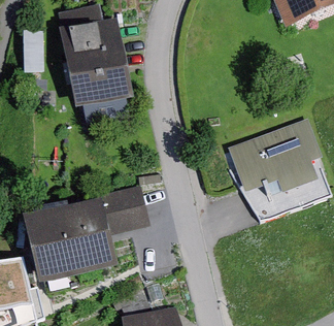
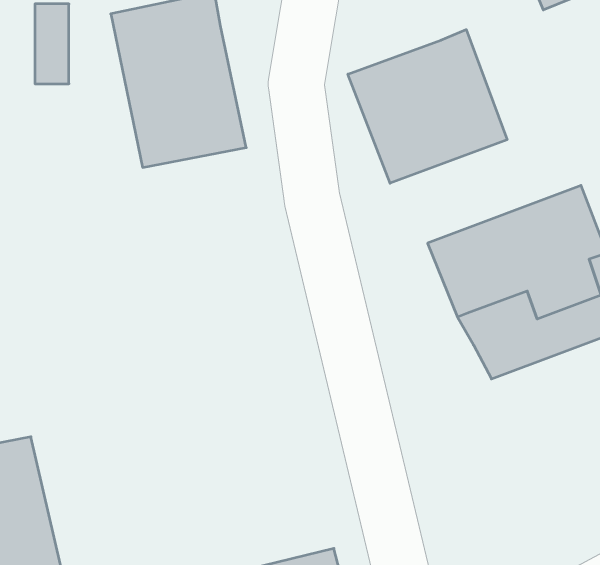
building: none -> [348,30,507,183]
building: [20,186,149,286] -> none

